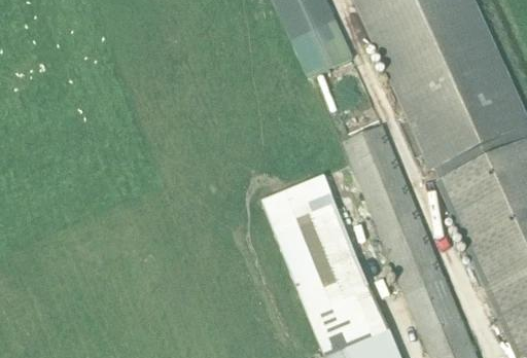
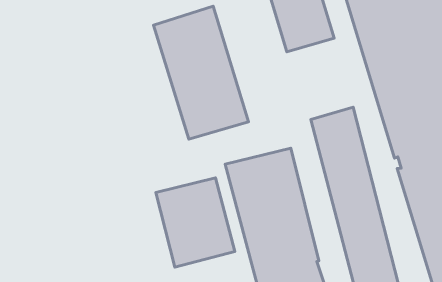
building: none -> [153,6,248,139]
building: none -> [156,178,235,267]

